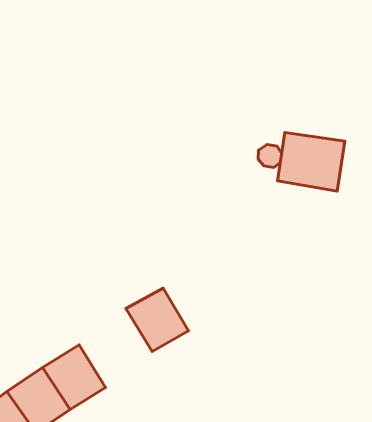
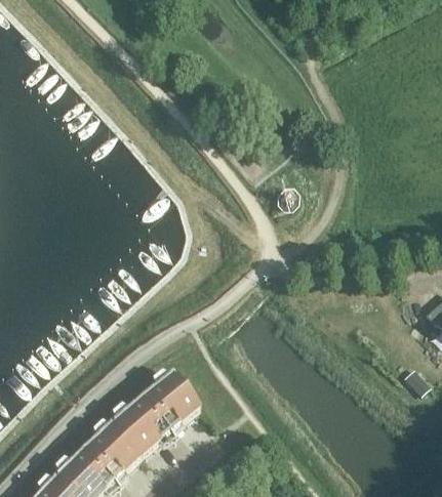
building: [278,133,345,191] -> none
building: [126,288,188,351] -> [140,373,200,431]

